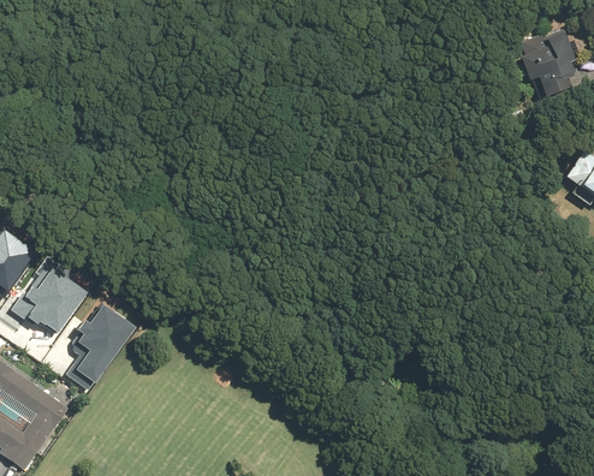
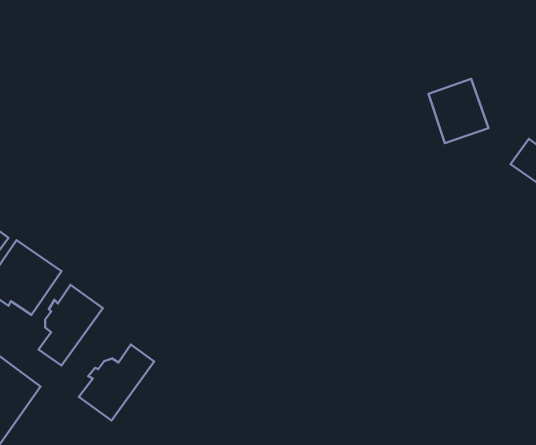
building: [516,30,578,97] -> [429,79,488,143]
building: none -> [79,345,154,421]

